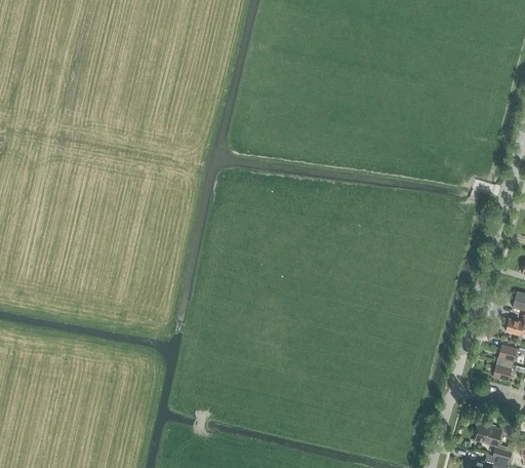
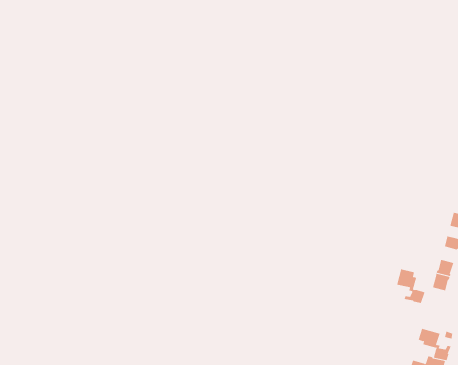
building: none -> [397,268,425,304]

